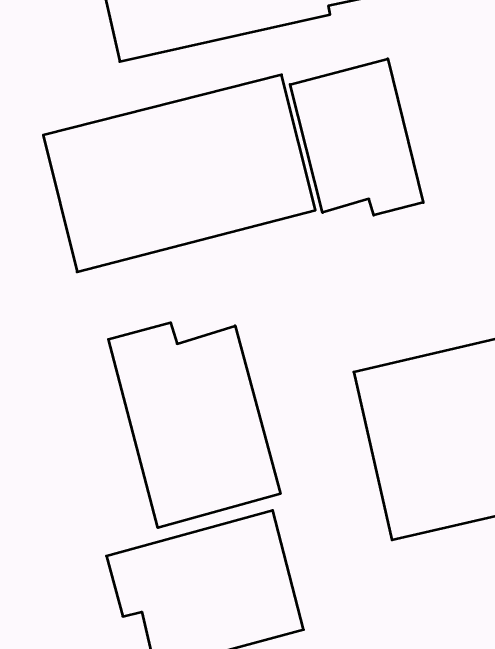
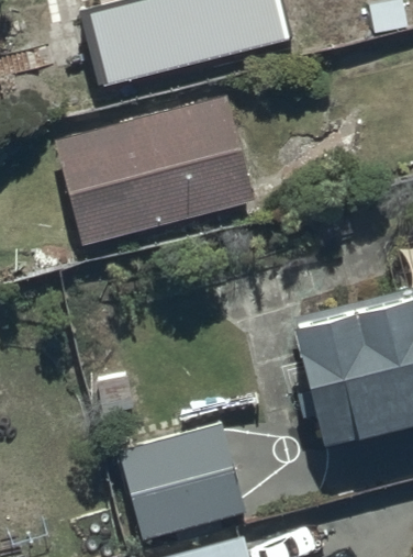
building: [290,59,423,215] -> none
building: [108,323,280,528] -> none

